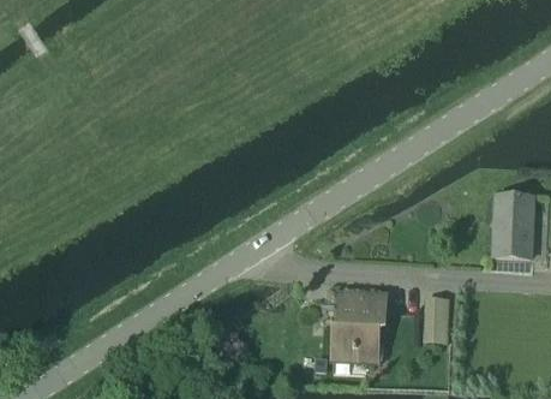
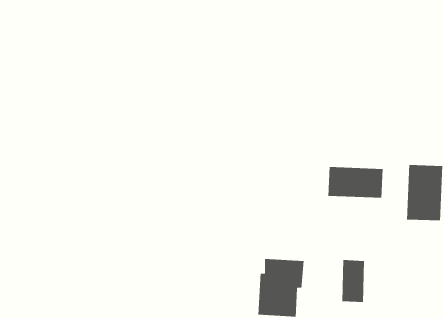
building: none -> [327,166,383,199]

